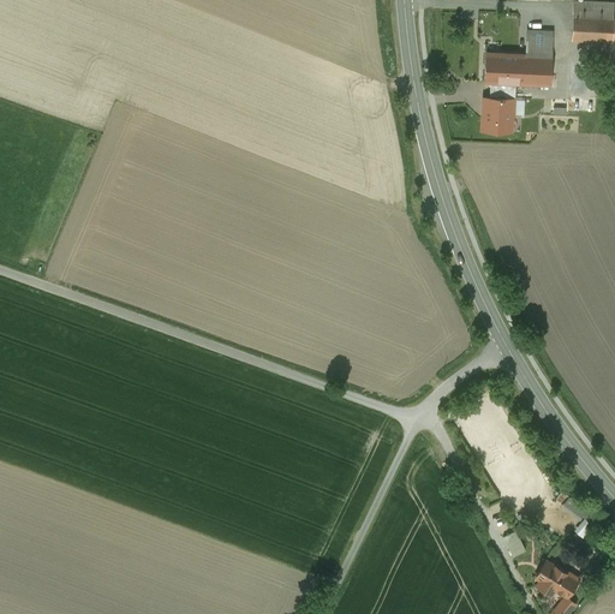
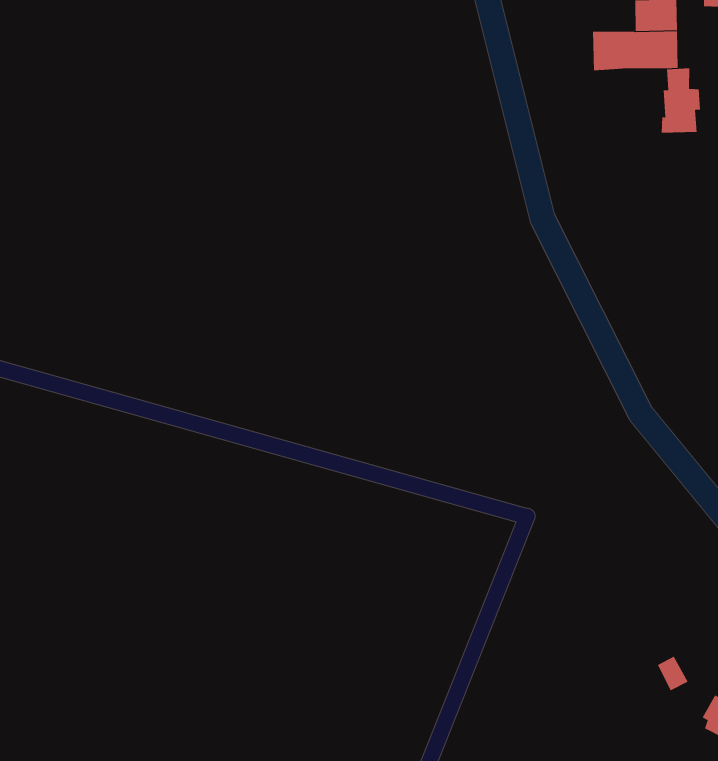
building: [484,84,515,133] -> [661,68,701,133]

